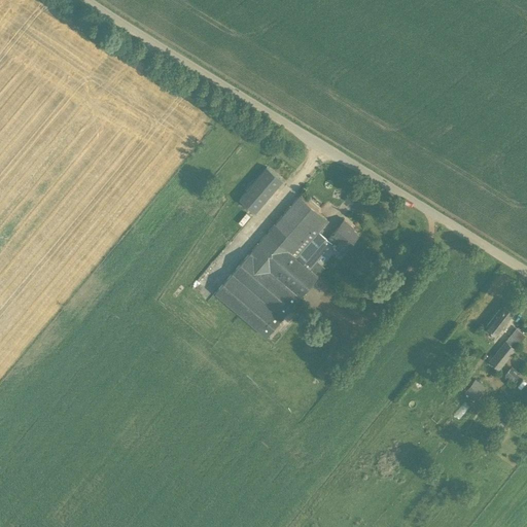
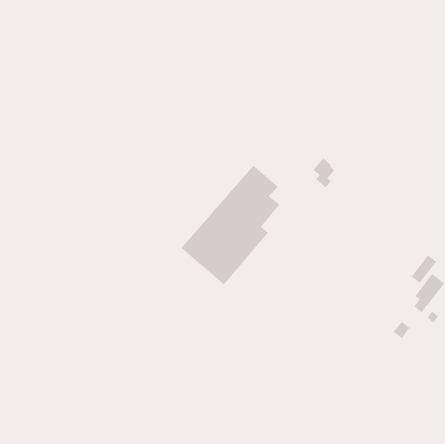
building: [238,168,282,214] -> none
building: [330,220,357,256] -> [313,157,335,188]

